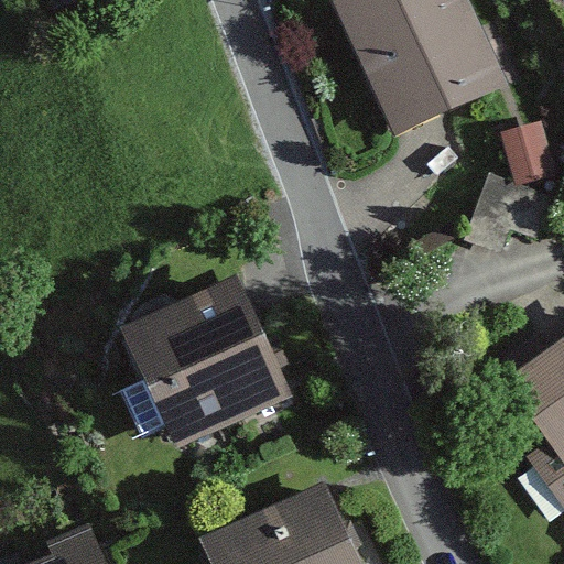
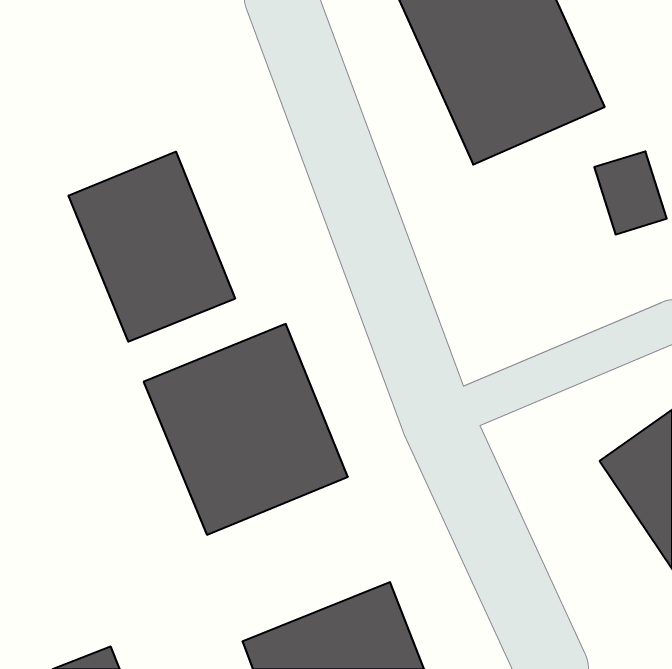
building: none -> [69,152,235,342]

